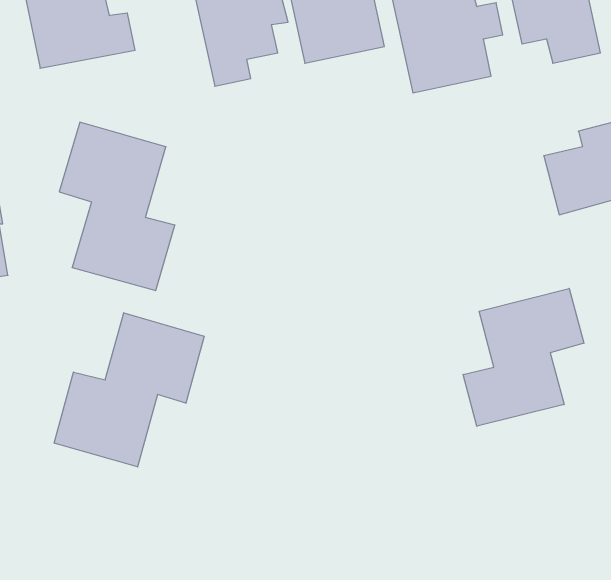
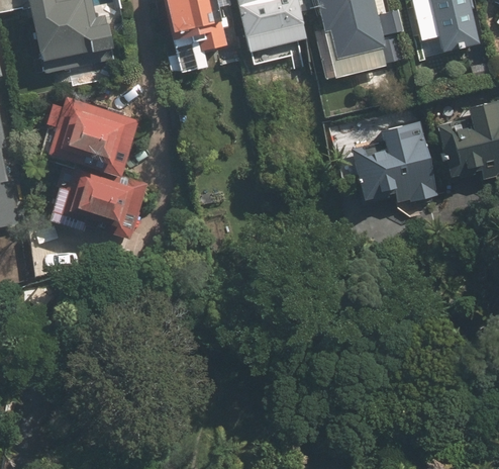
building: none -> [351,123,438,202]
building: [463,288,584,426] -> none
building: [54,313,204,467] -> none

